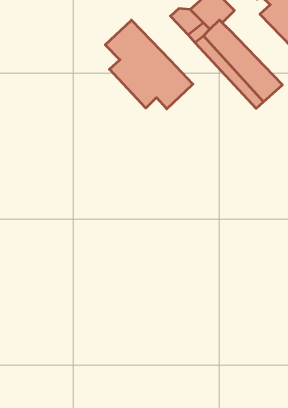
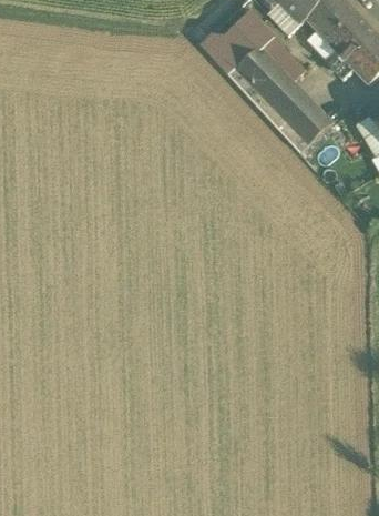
building: [105,20,193,109] -> none

